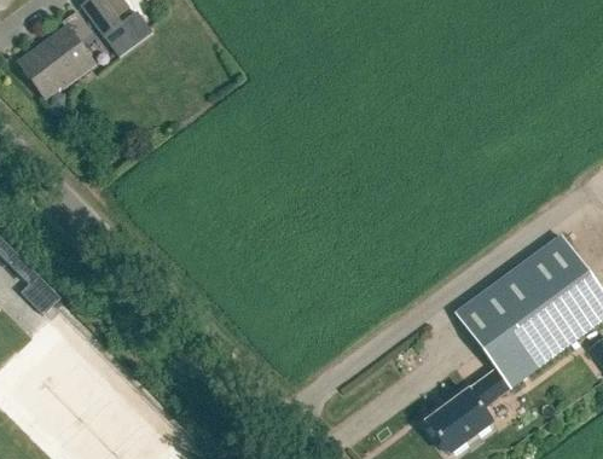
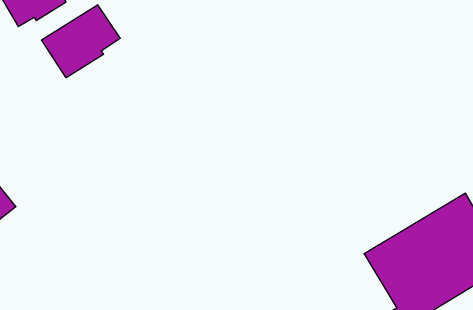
building: none -> [42,5,120,78]

